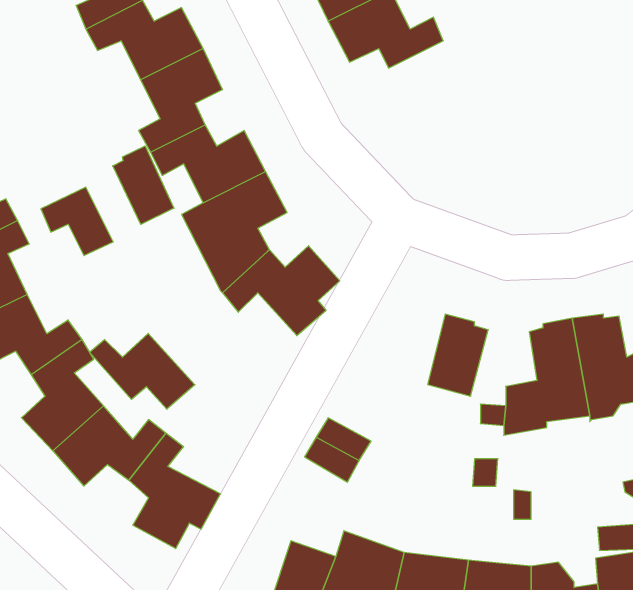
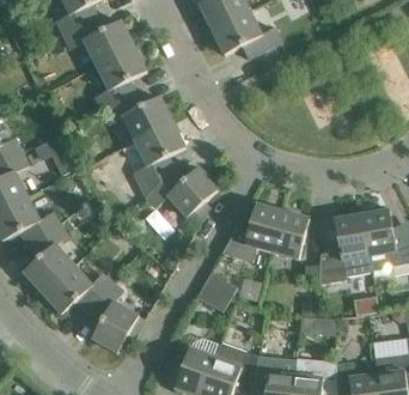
building: [113,146,174,224] -> none
building: none -> [222,205,283,261]
building: [90,333,195,409] -> none

